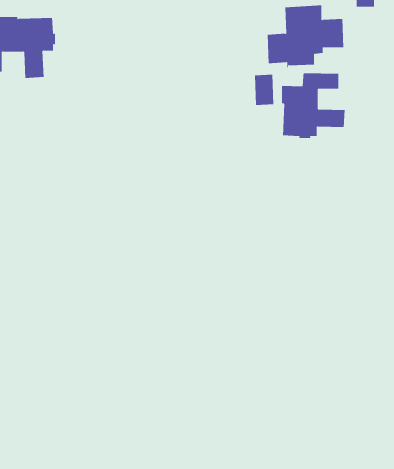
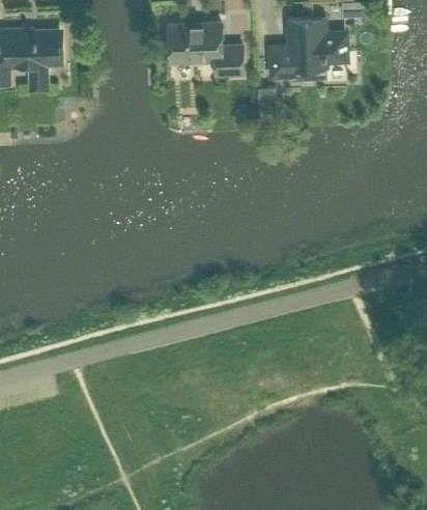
building: none -> [167,23,243,76]
building: [282,72,345,139] -> none

